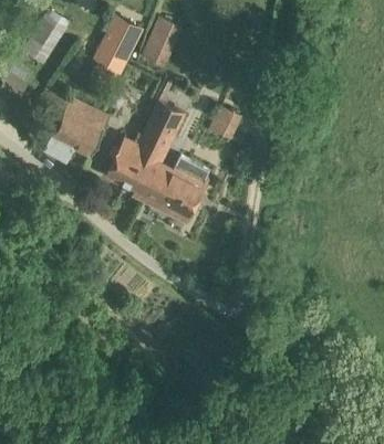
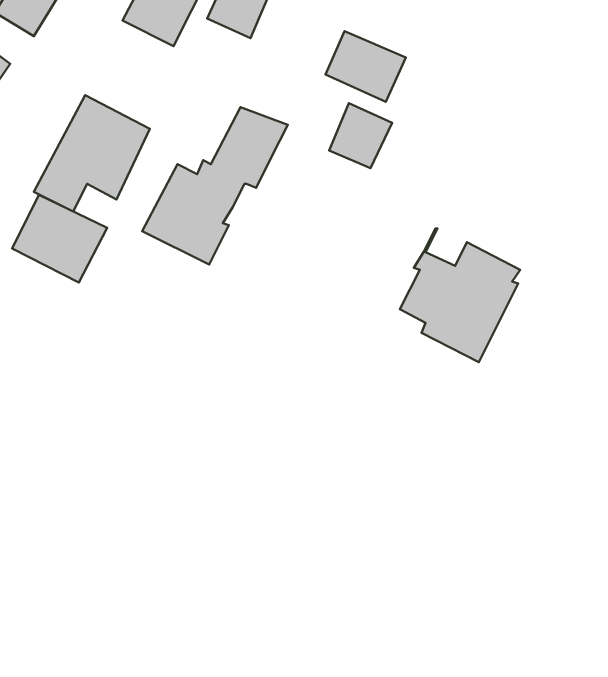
building: none -> [326,31,406,102]
building: [142,148,209,223] -> [400,228,520,362]
building: none -> [12,195,107,283]

